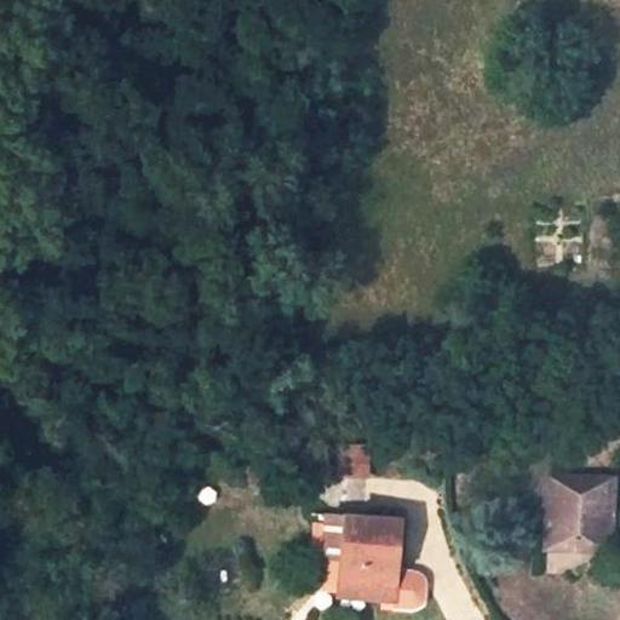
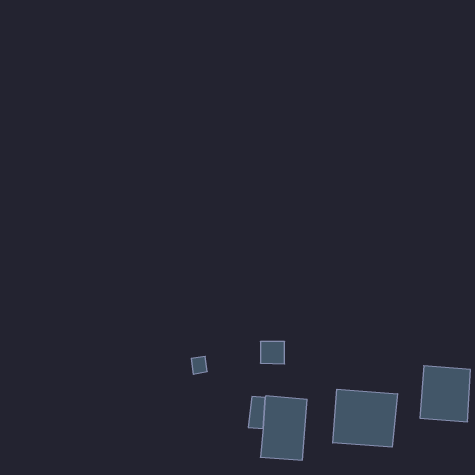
building: none -> [333,389,398,447]
building: [391,568,425,608] -> none

